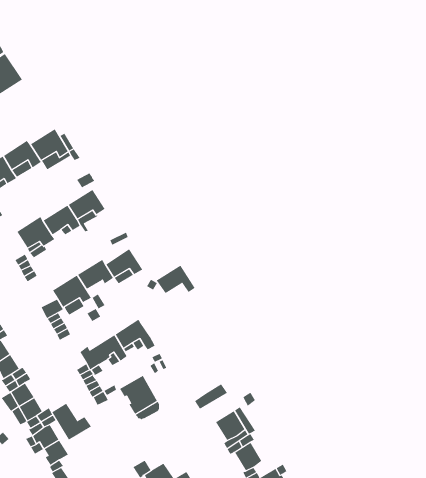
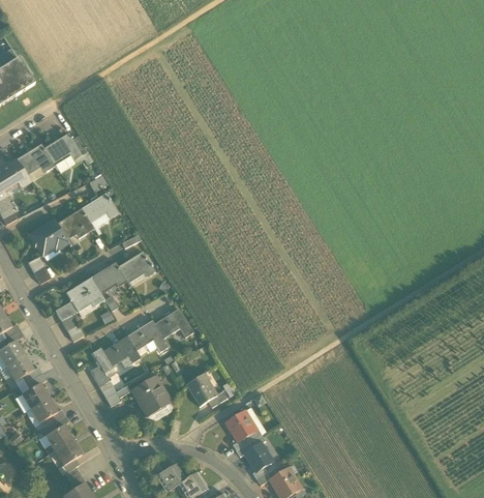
building: [156,265,196,294] -> [153,309,192,338]
building: none -> [186,373,216,405]
building: [52,403,92,441] -> none

